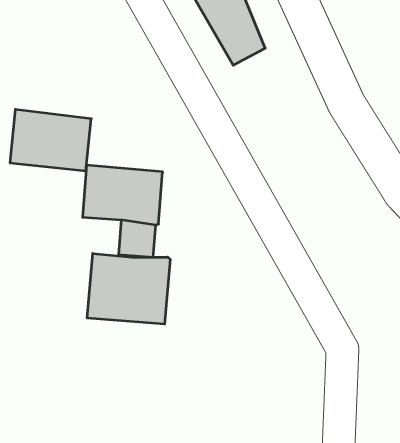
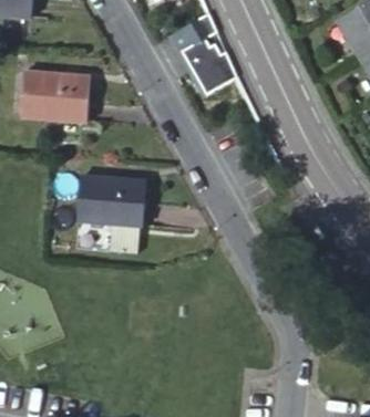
building: [10,109,91,171] -> [17,74,84,125]
building: [87,253,170,324] -> none

